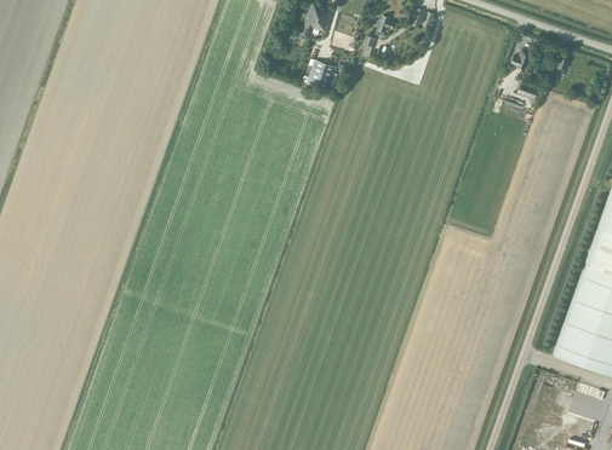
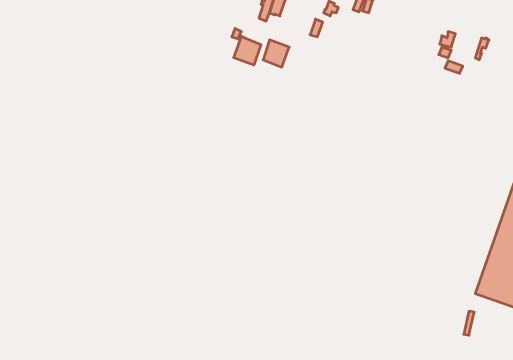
building: none -> [234,36,261,65]

